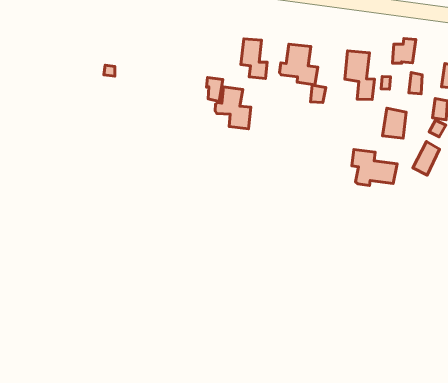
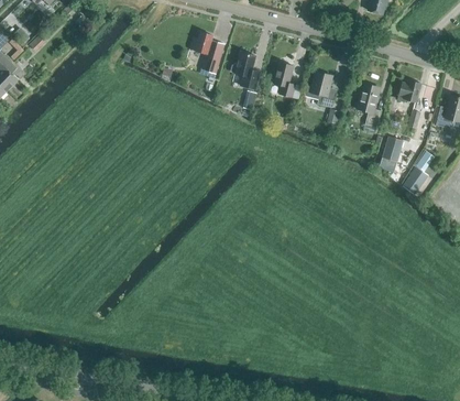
building: none -> [189,32,224,74]
building: [215,87,251,129] -> [231,52,261,89]
building: [352,150,397,185] -> none

